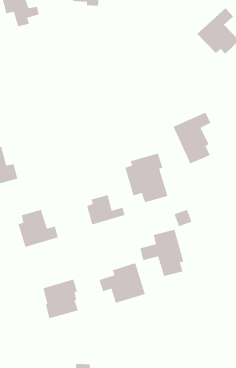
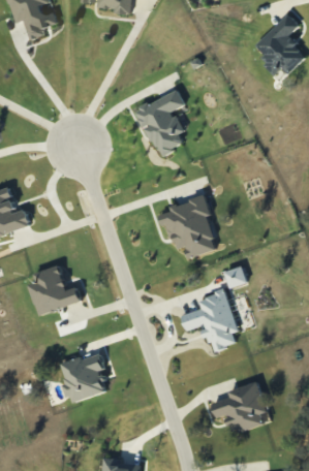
building: [173,111,212,165] -> [137,89,186,155]
building: [86,194,126,225] -> none
building: [98,262,146,304] -> [212,380,271,432]

